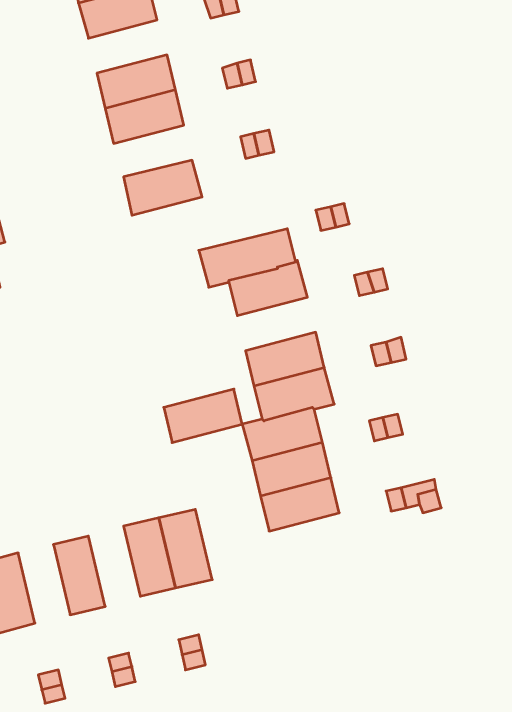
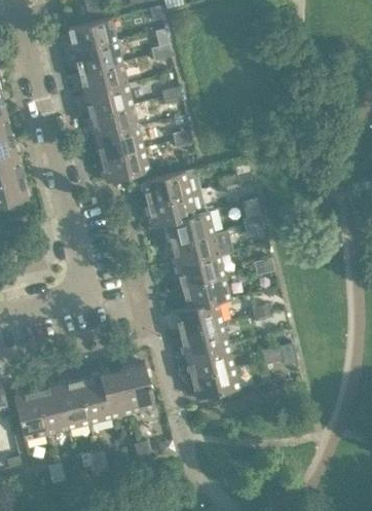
building: none -> [78,62,126,95]
building: none -> [94,126,142,158]
building: none -> [141,168,200,204]
building: [164,389,242,443] -> [170,232,218,265]
building: none -> [189,365,238,399]
building: none -> [78,373,110,423]
building: none -> [35,385,67,433]

